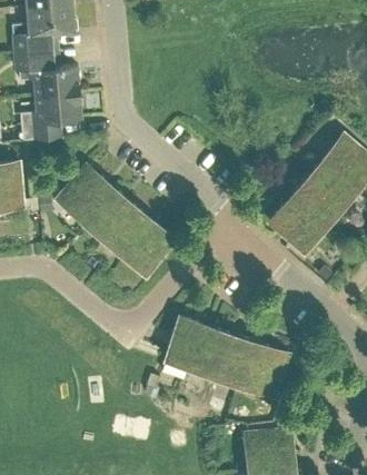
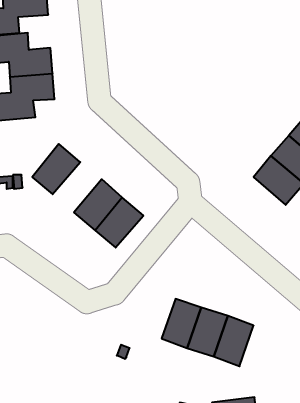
building: [79,184,130,236] -> none
building: [269,199,321,250] -> none
building: [166,316,207,367] -> none

